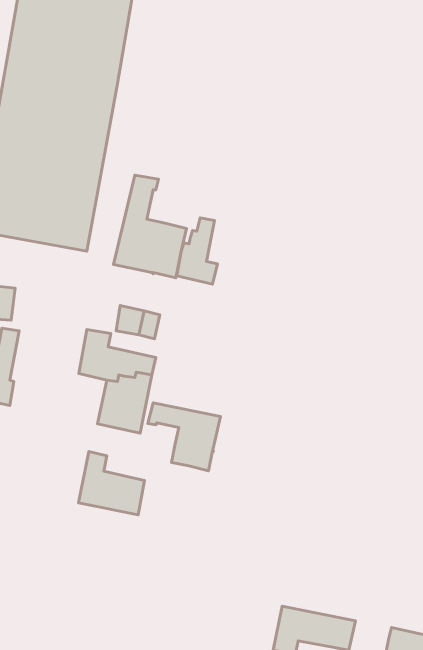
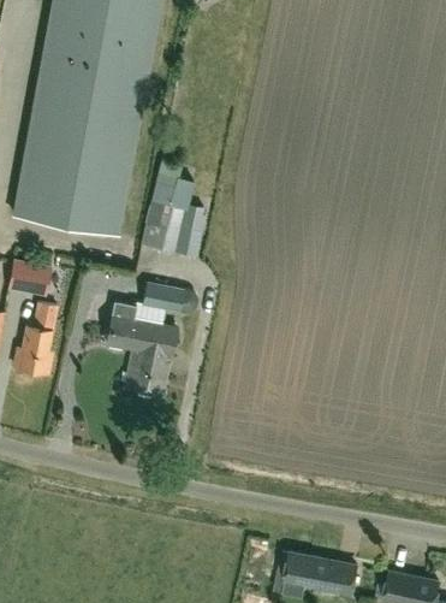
building: [177,218,217,284] -> none
building: [148,403,221,471] -> none
building: [79,451,144,515] -> none

